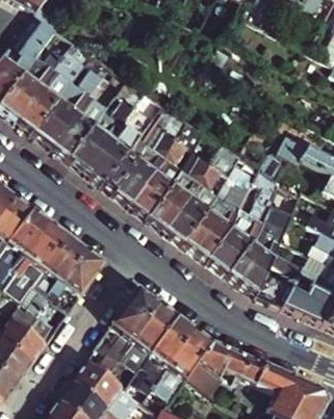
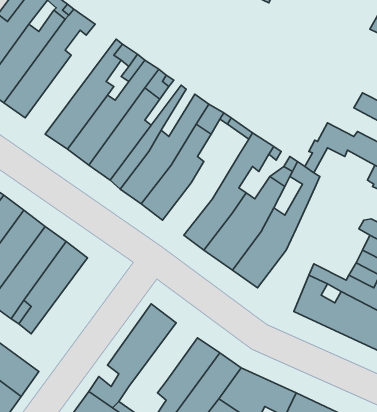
building: [34,55,110,147] -> none
building: [149,156,212,231] -> none
building: [228,182,301,294] -> none
building: [40,250,105,321] -> none
building: [121,304,178,365] -> none

